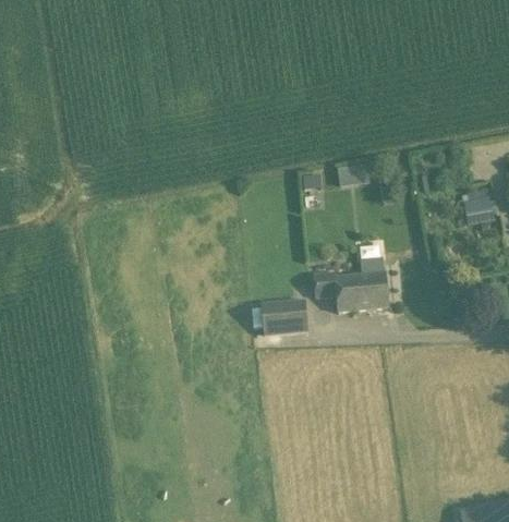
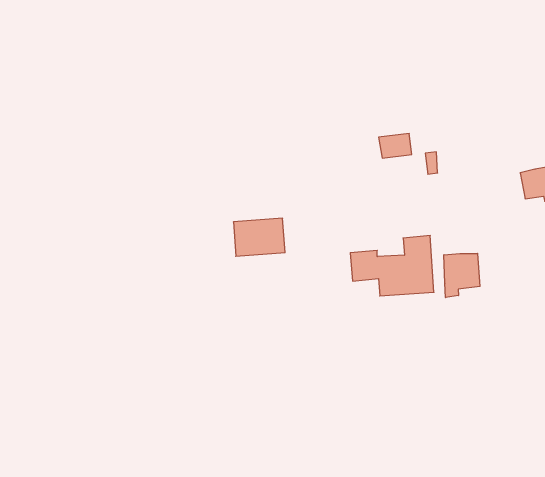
building: none -> [444,253,480,298]
building: [262,299,307,332] -> [233,218,285,256]

